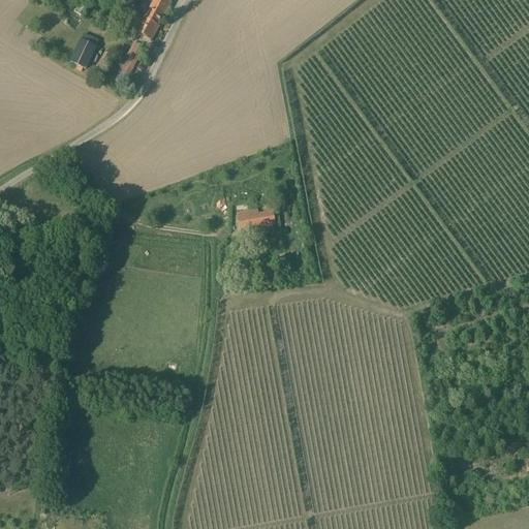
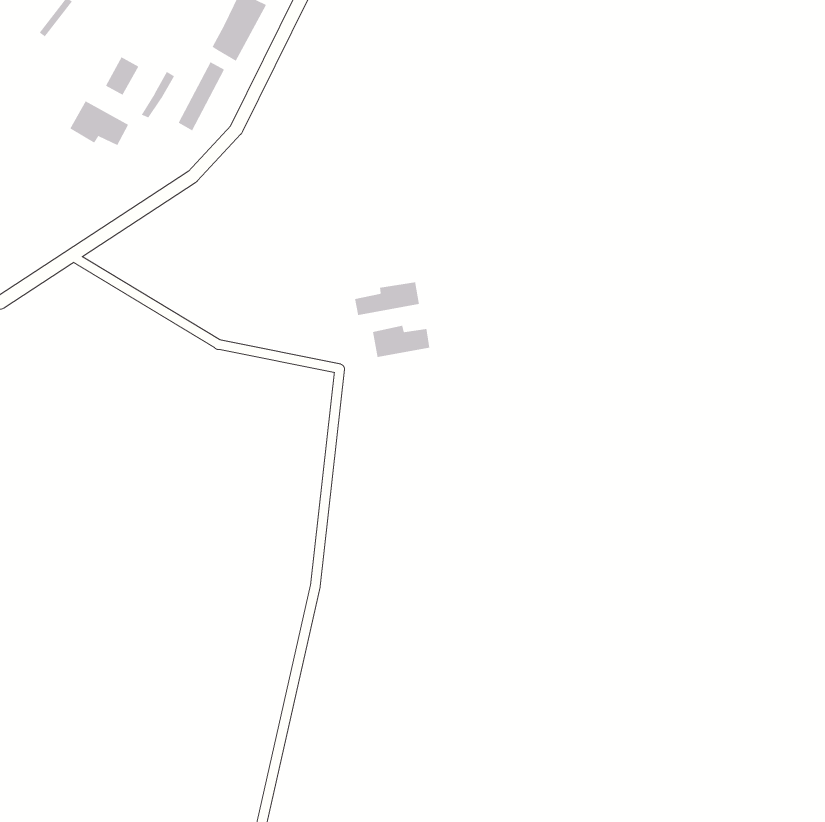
building: none -> [70,100,129,146]
building: none -> [354,281,419,316]

